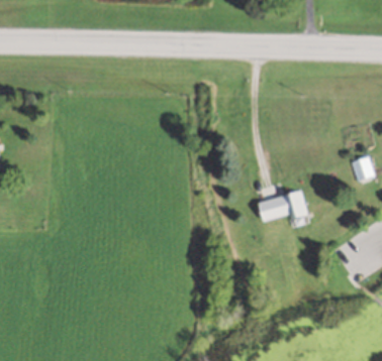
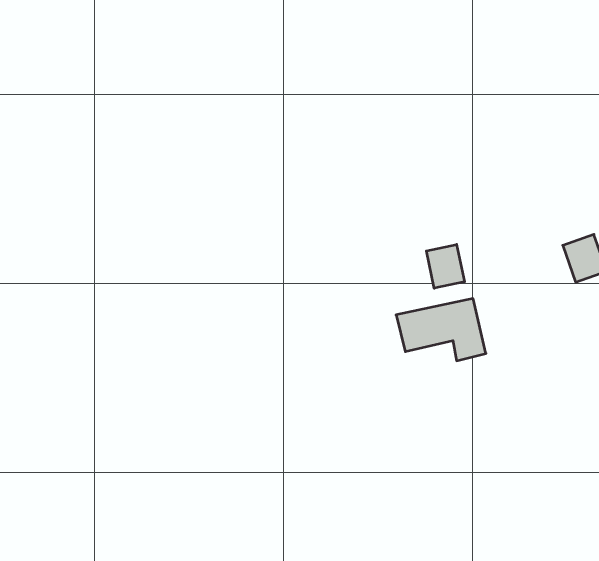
building: none -> [426,244,465,288]

